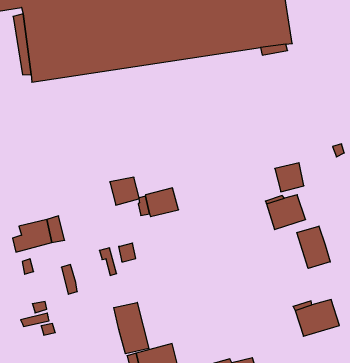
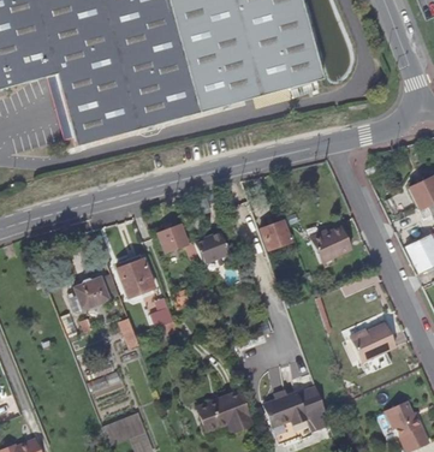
building: [275,163,304,192] -> [262,219,292,249]
building: none -> [118,258,154,297]
building: [297,226,330,268] -> none
building: [114,302,149,354] -> none

